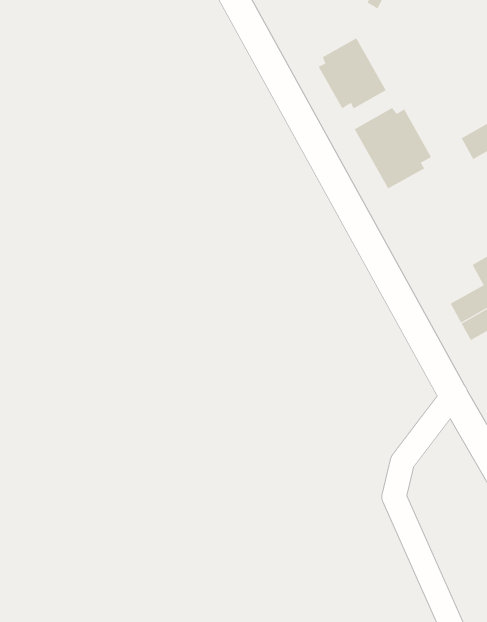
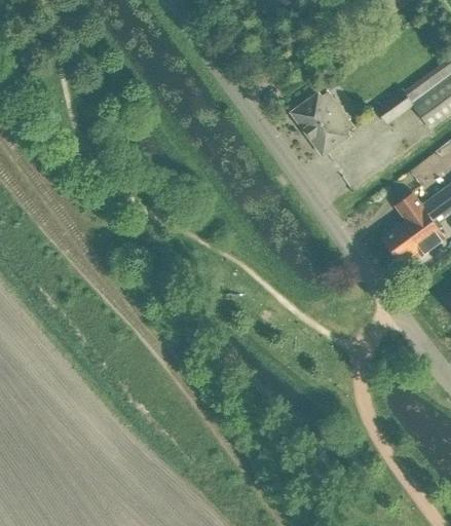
building: [318,38,386,109] -> none

